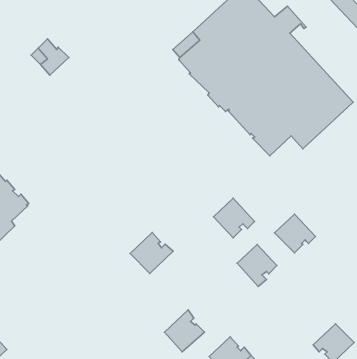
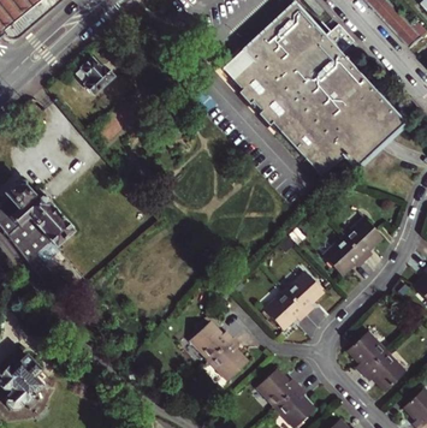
building: none -> [345,218,386,260]
building: [213,198,254,238] -> [266,287,308,328]
building: [130,233,173,273] -> [191,316,236,358]
building: none -> [346,328,387,371]

